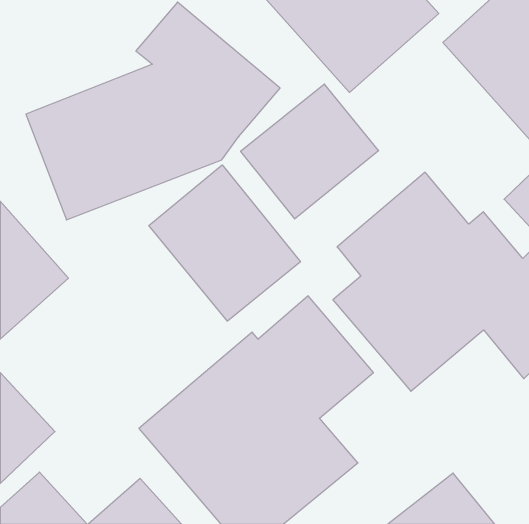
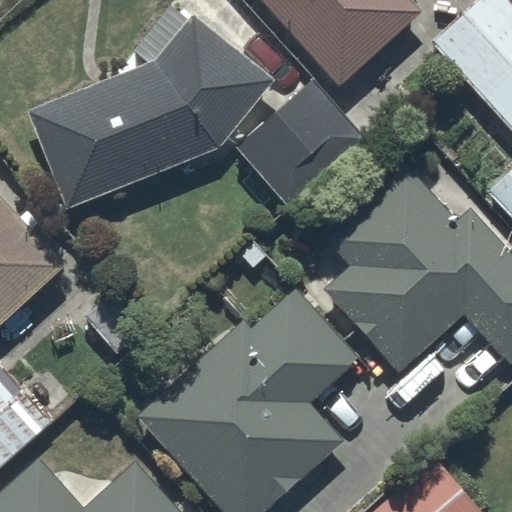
building: [149,165,300,321] -> none

